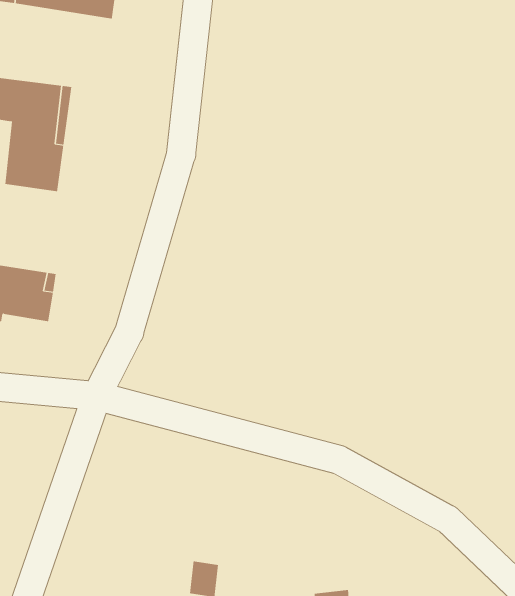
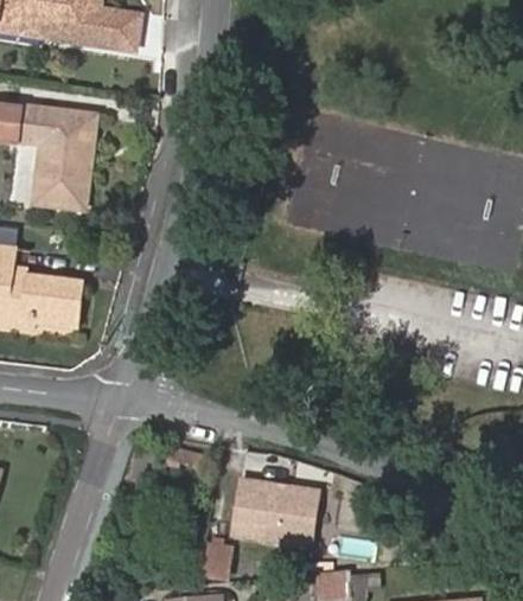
building: none -> [232,479,320,545]

